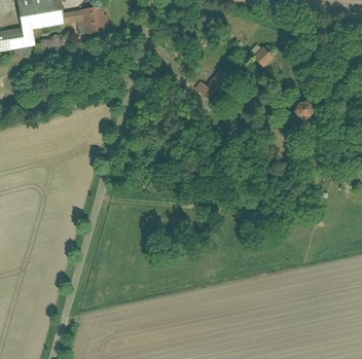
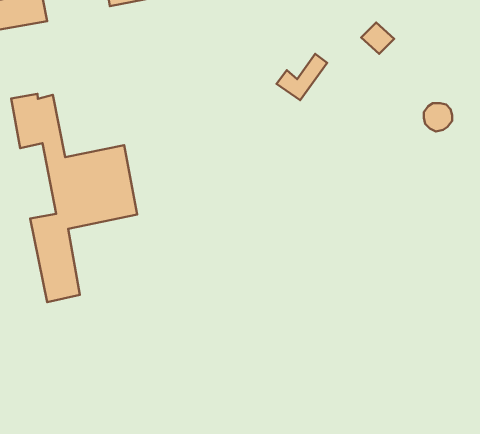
building: none -> [11,94,137,302]

